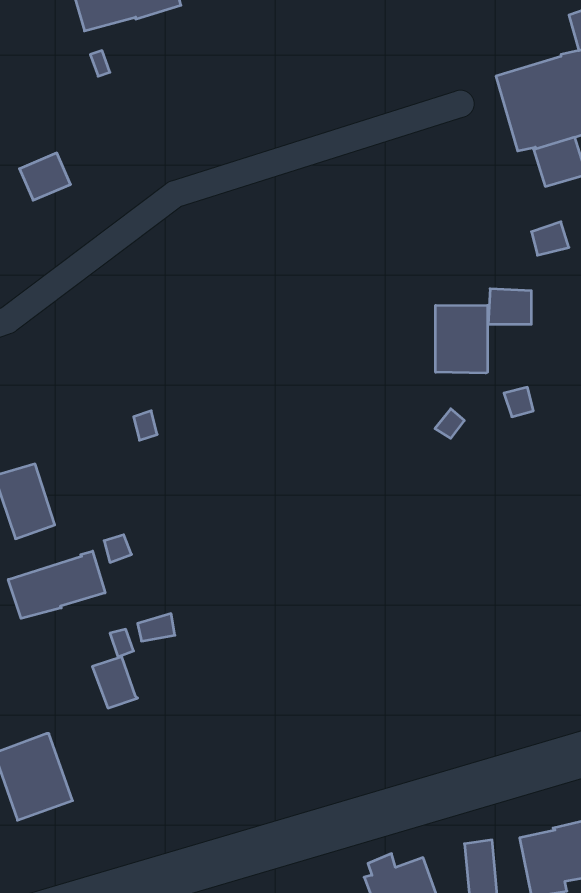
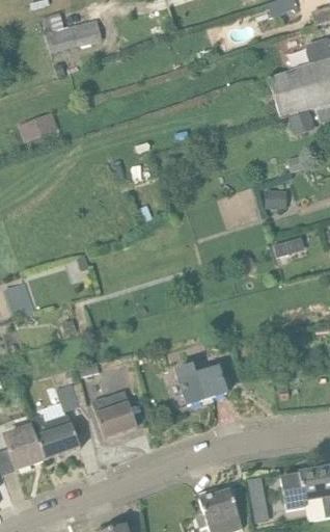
building: [436,305,487,373] -> none
building: [8,551,105,618] -> none
building: none -> [175,363,226,404]
building: none -> [91,389,137,437]
building: none -> [29,414,80,458]

